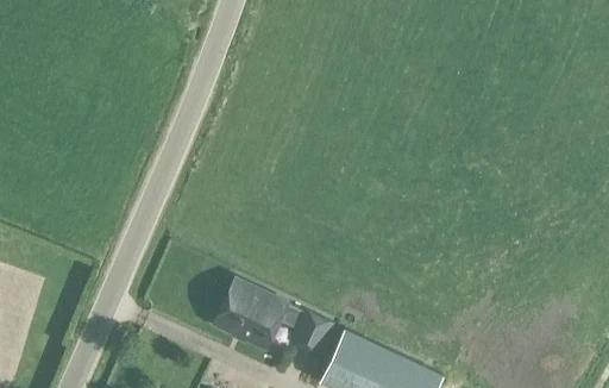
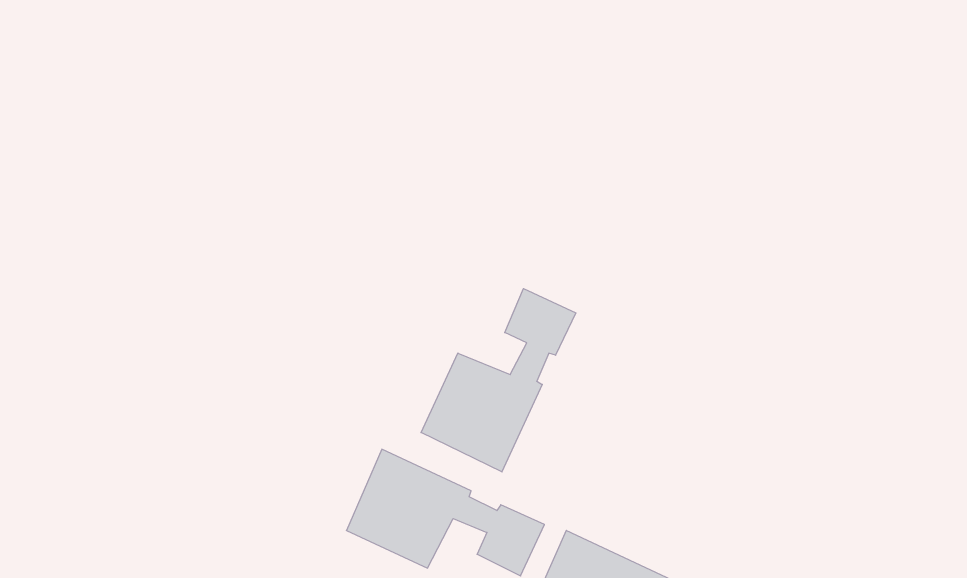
building: none -> [421,289,576,472]

